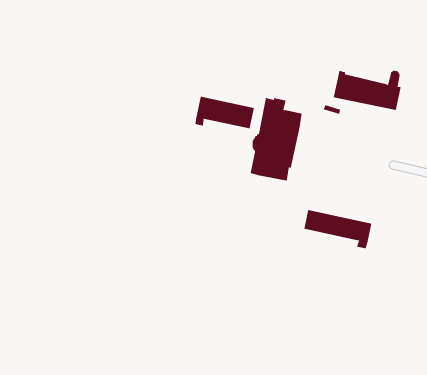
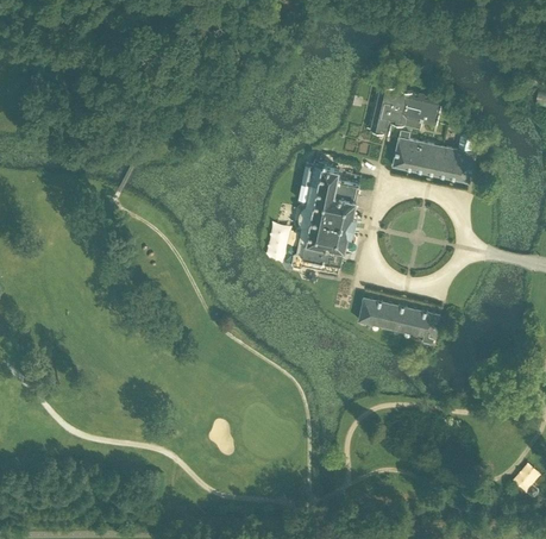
building: none -> [370,83,441,133]
building: [195,96,255,129] -> none

